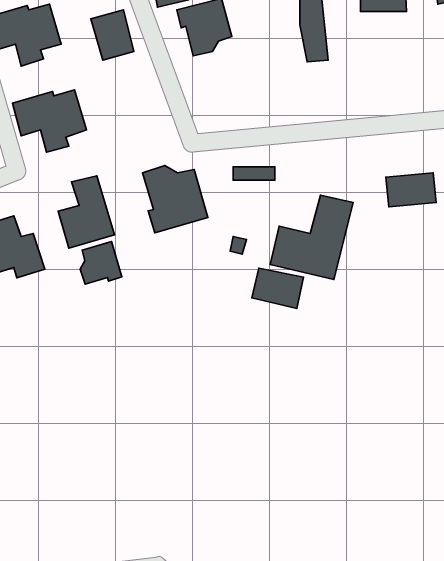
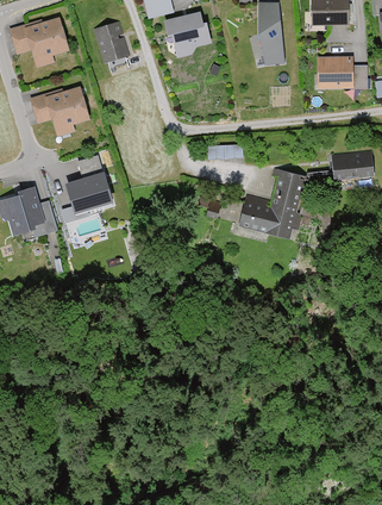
building: none -> [317,55,365,88]
building: [142,166,208,233] -> none
building: [80,242,122,284] -> none
building: [252,268,304,308] -> none

